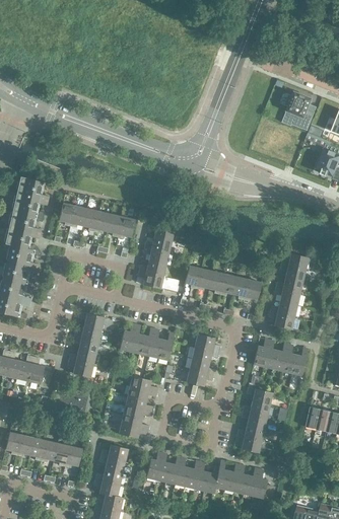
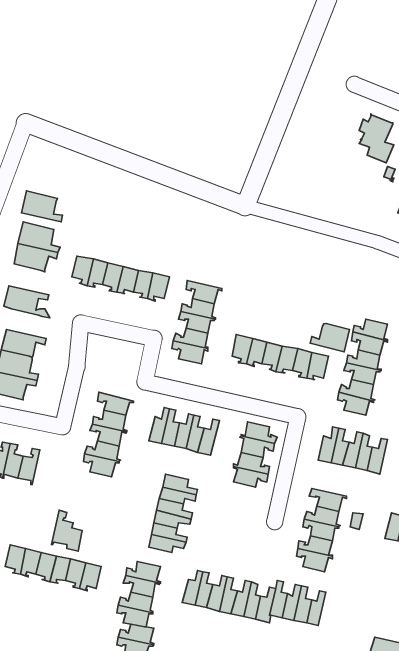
building: [8,209,41,233] -> [22,191,63,222]
building: [6,244,39,268] -> none
building: none -> [310,324,350,352]
building: [26,356,51,388] -> [51,510,82,551]
building: [253,468,274,502] -> none

